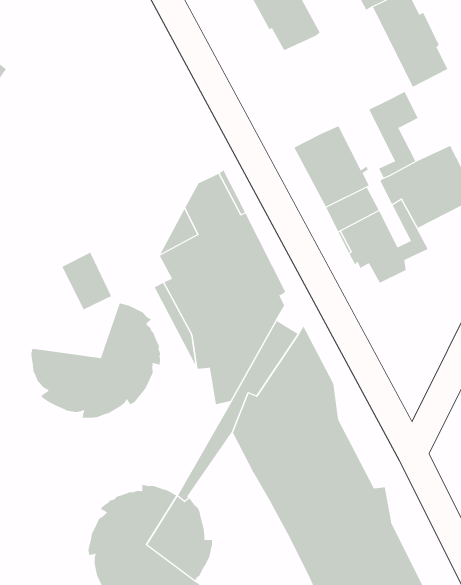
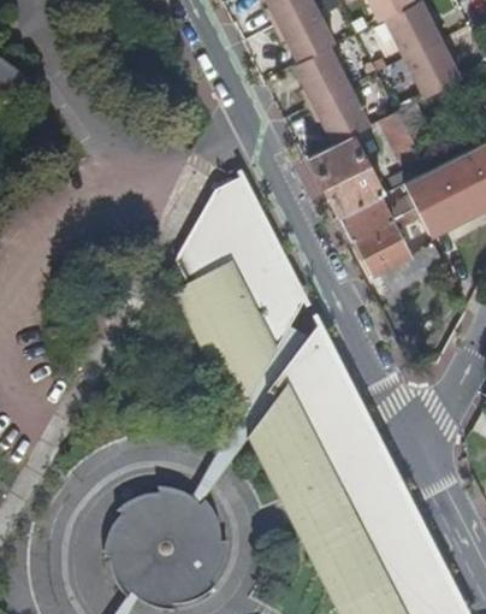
building: none -> [294,45,372,141]
building: [61,252,112,310] -> none
building: [31,303,161,419] -> none

